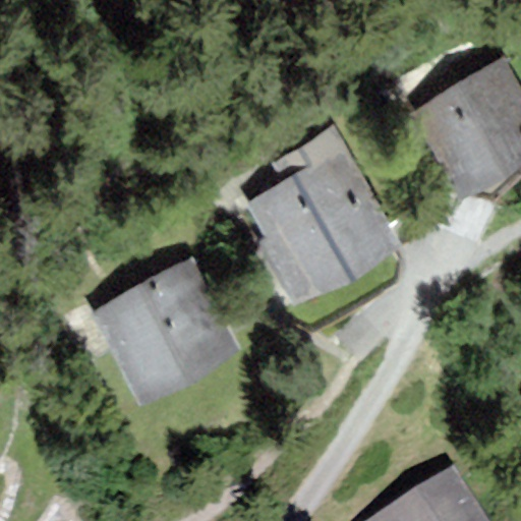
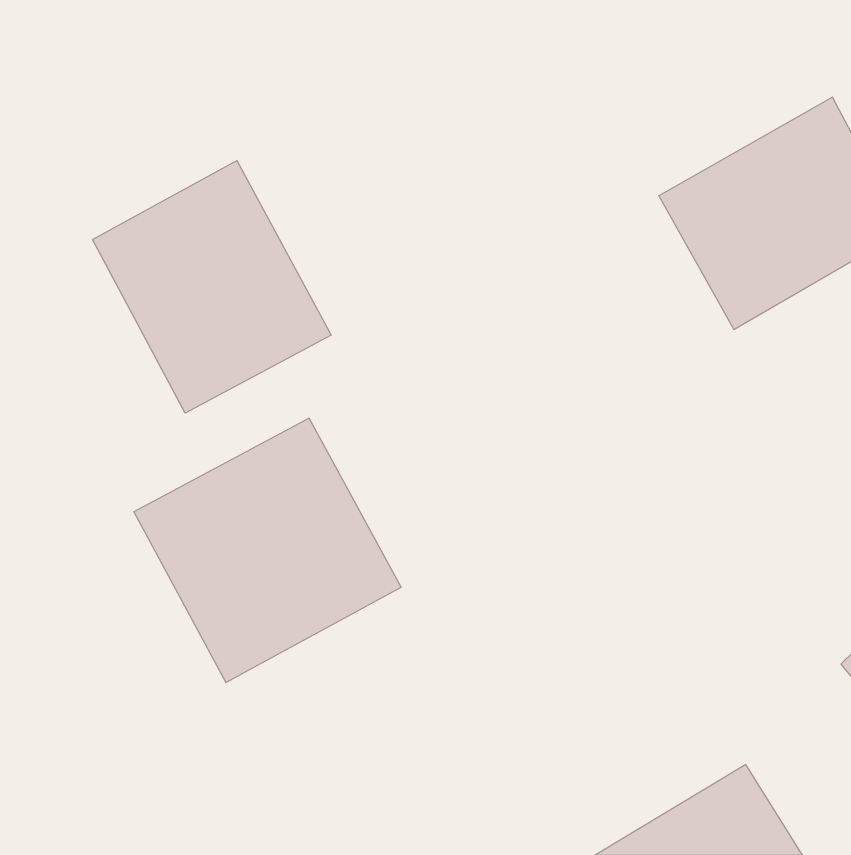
building: none -> [93,161,331,413]
building: [241,151,400,302] -> none

